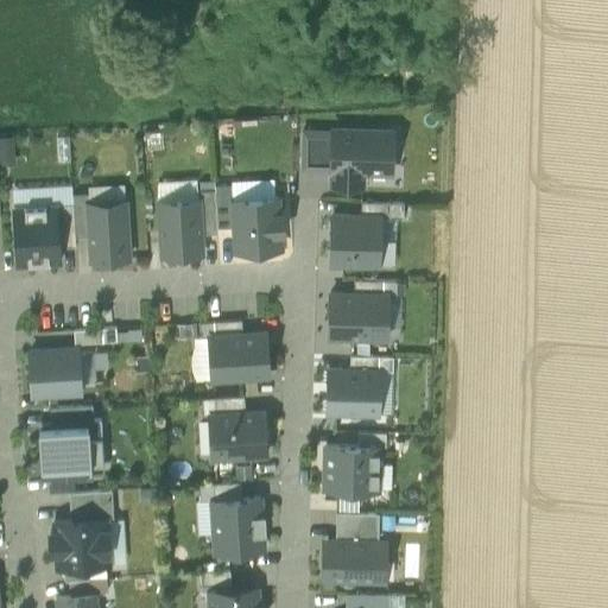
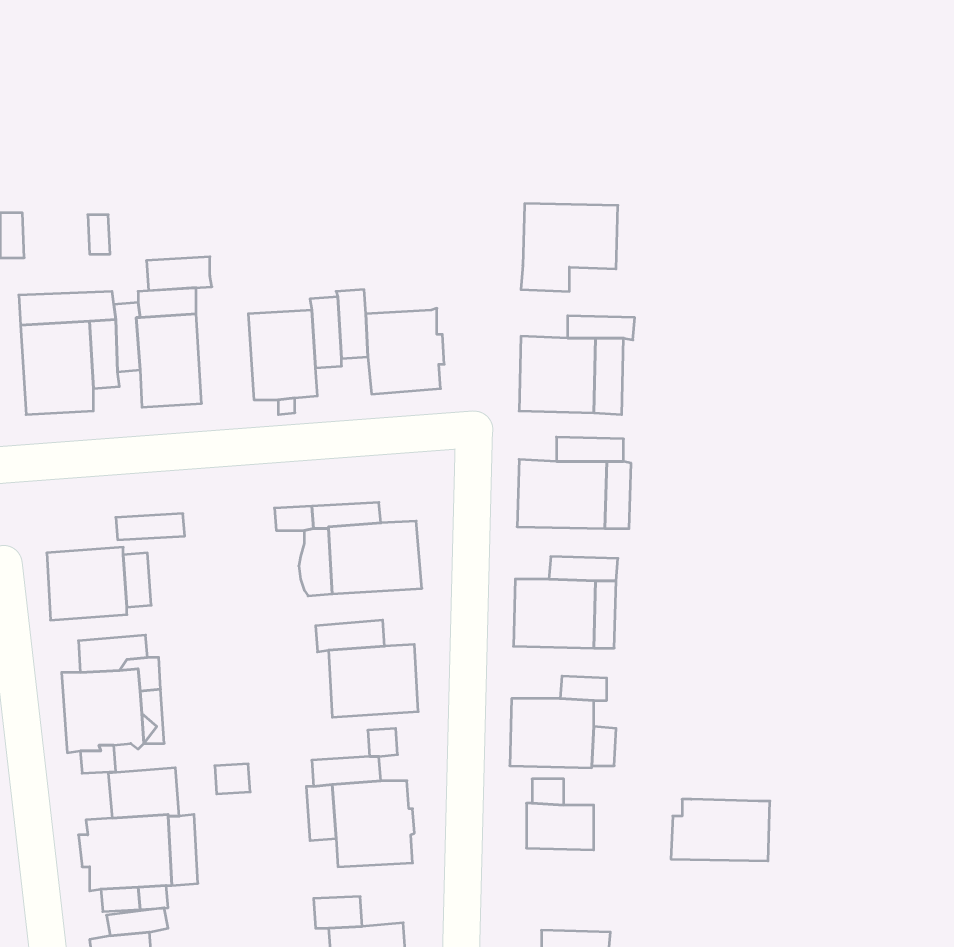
building: [303,134,334,173] -> none
building: [157,183,198,204] -> [146,257,212,290]
building: [232,183,274,204] -> none
building: [322,544,385,583] -> [671,799,770,861]

